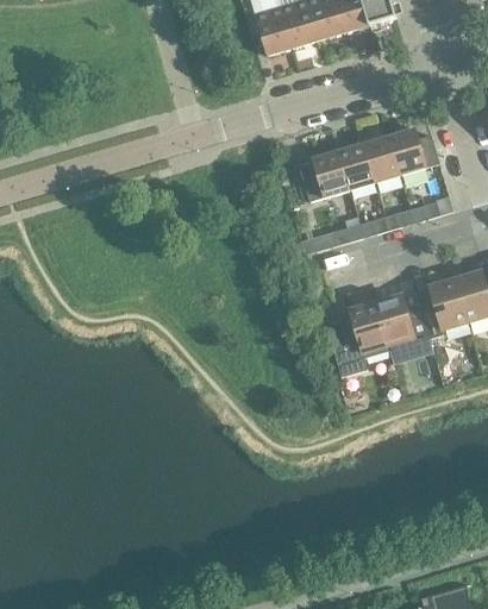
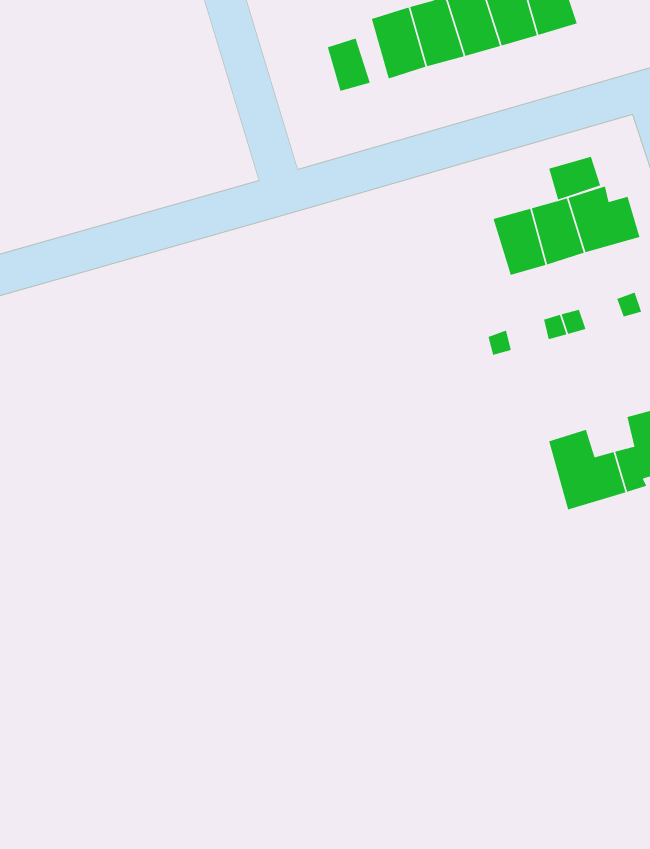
building: none -> [327,38,371,92]
building: none -> [548,156,601,200]
building: [299,150,350,201] -> none
building: [326,302,389,365] -> none

